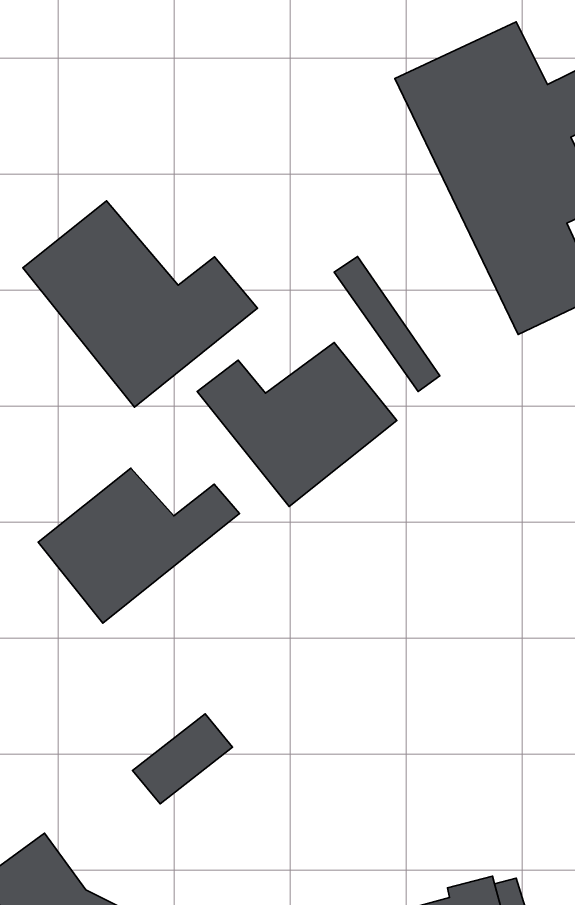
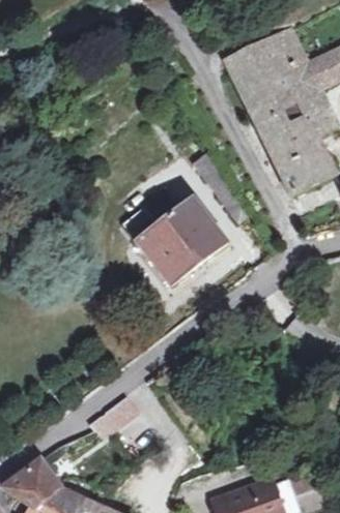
building: [23,201,258,407] -> none
building: [38,468,239,623] -> none

